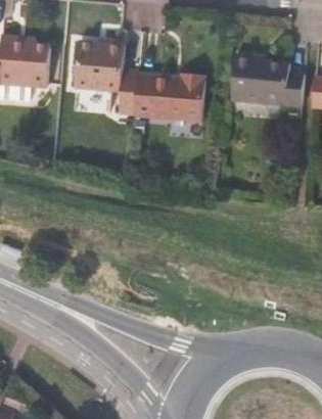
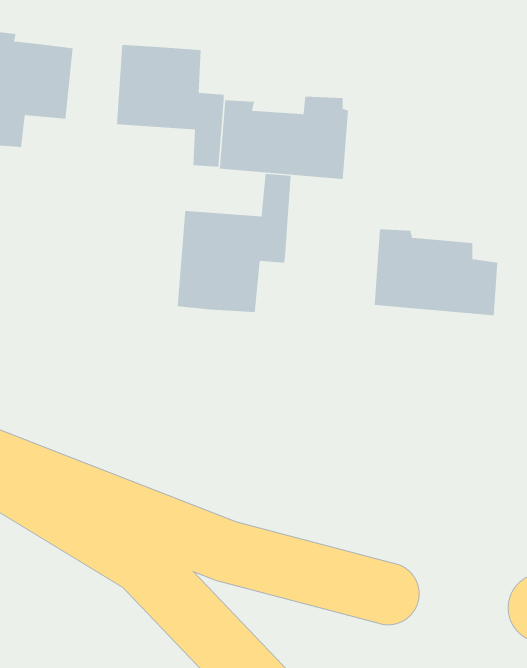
building: [231,56,303,106] -> [374,229,498,316]
building: none -> [177,173,291,313]

